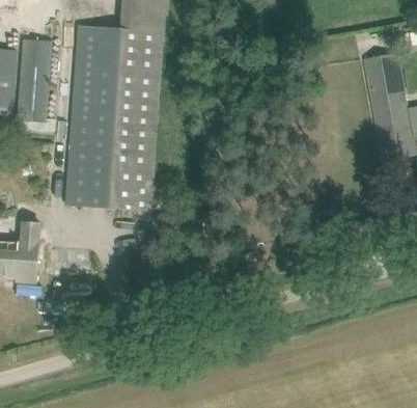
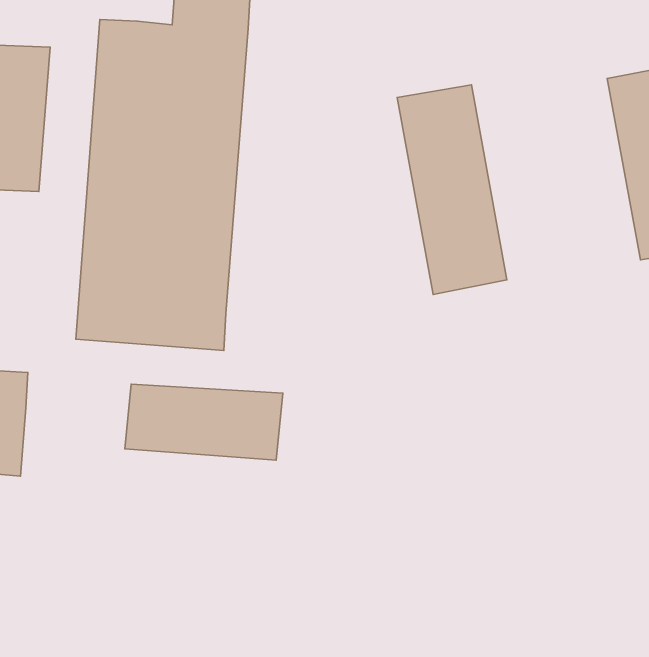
building: none -> [397,85,507,294]
building: none -> [125,384,283,460]

